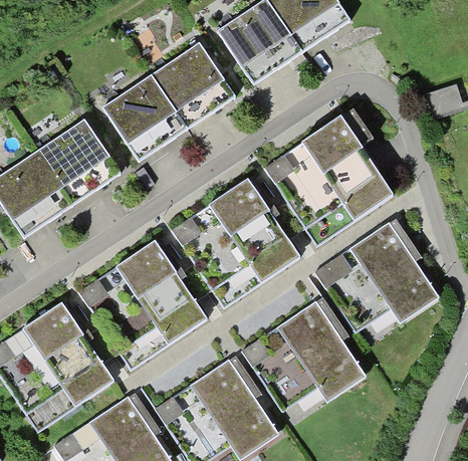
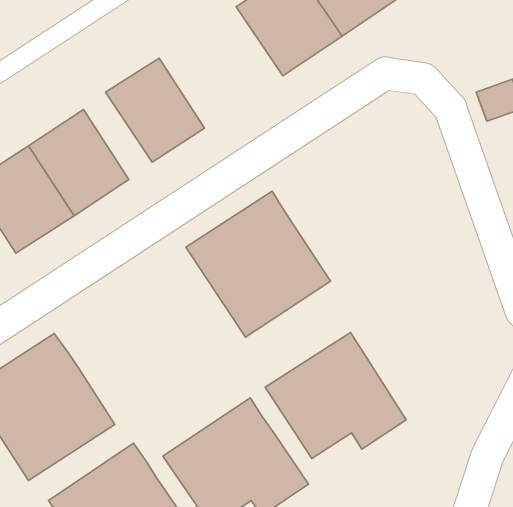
building: [152,36,237,127] -> none
building: [265,117,393,245] -> none
building: [315,222,439,332] -> none
building: [82,243,206,367] -> none

